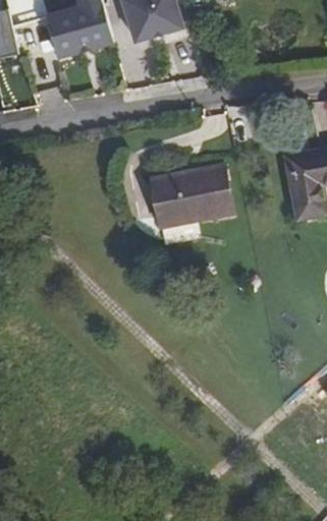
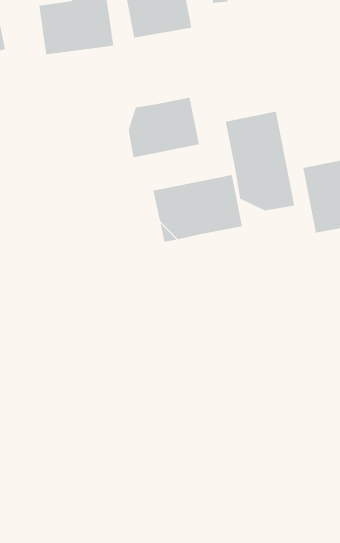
building: none -> [128,97,200,158]
building: none -> [225,111,295,211]

